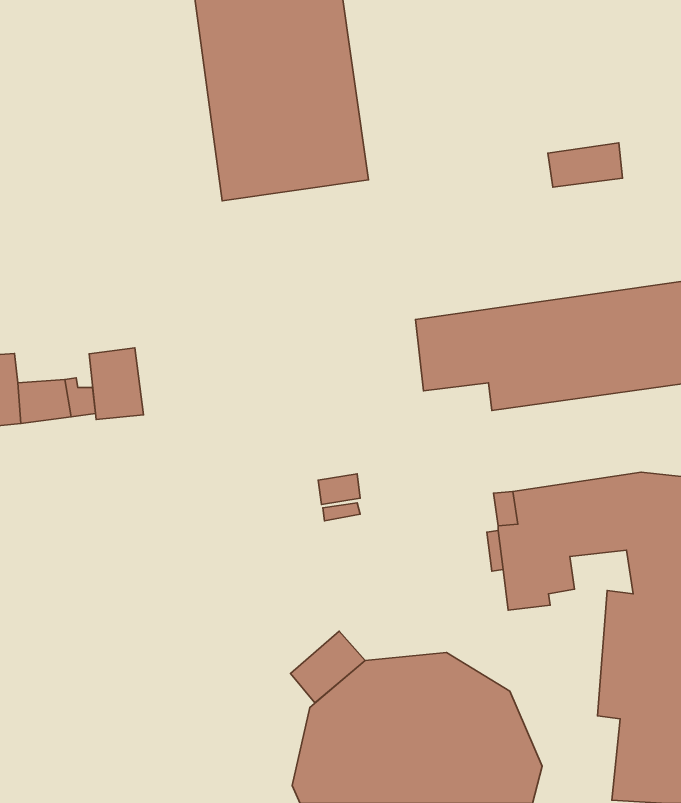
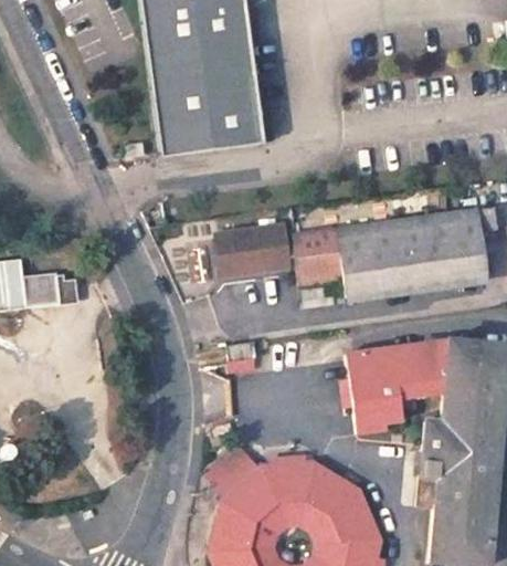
building: [548,143,623,187] -> none
building: none -> [223,229,287,273]
building: [89,348,143,420] -> none

